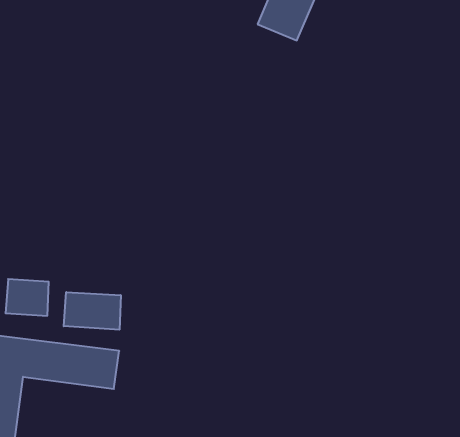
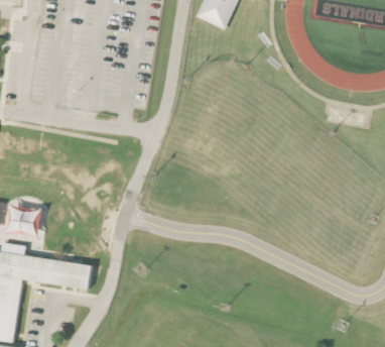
building: [64,292,121,330] -> none

